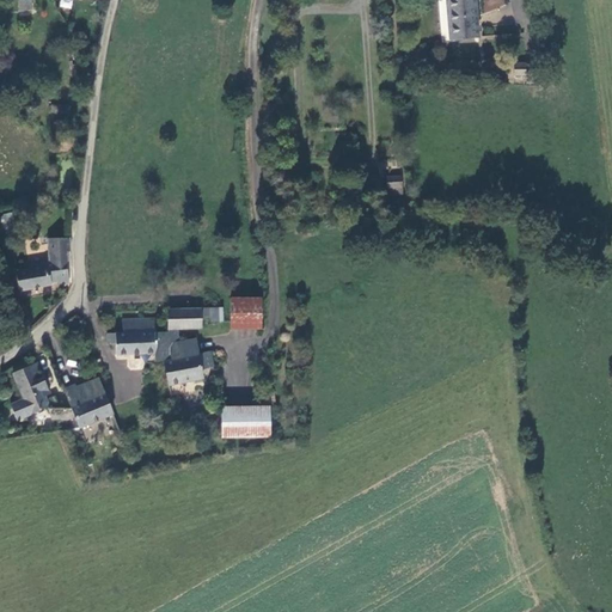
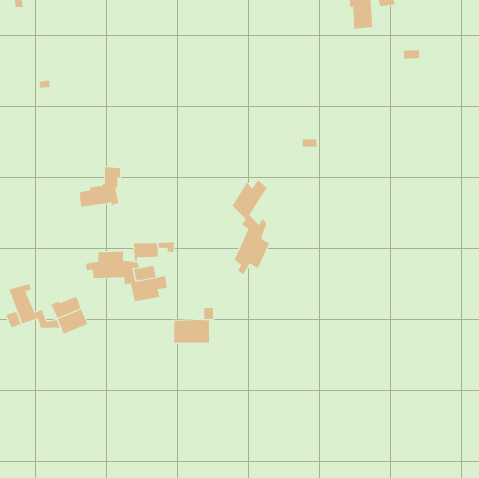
building: none -> [232,179,270,276]
building: [16,239,69,290] -> [79,167,121,207]
building: [228,301,262,330] -> none

